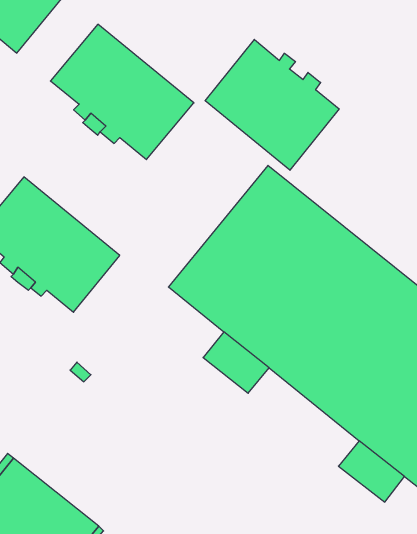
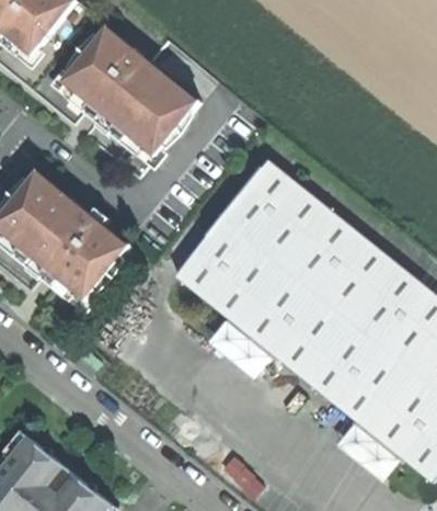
building: [205,39,339,170] -> none

